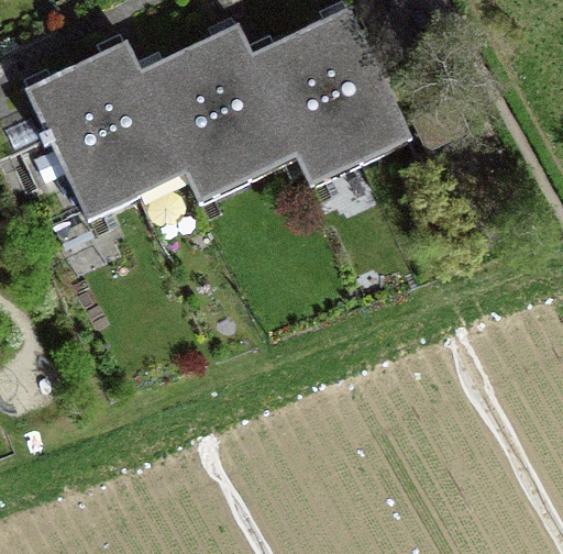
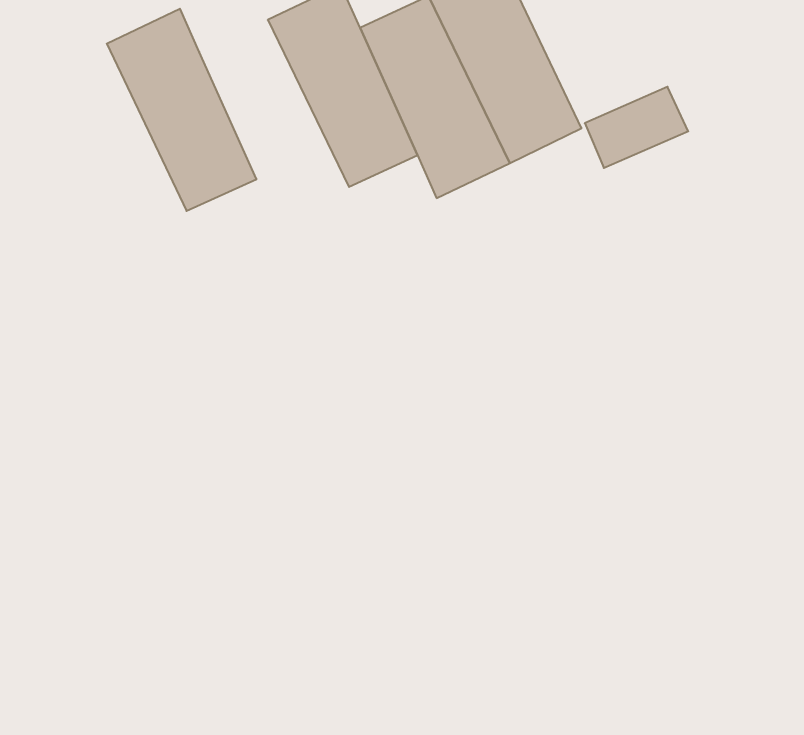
building: [144,55,247,195] -> none
building: [30,71,135,211] -> none

